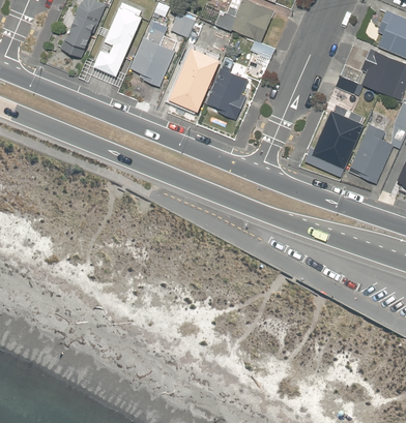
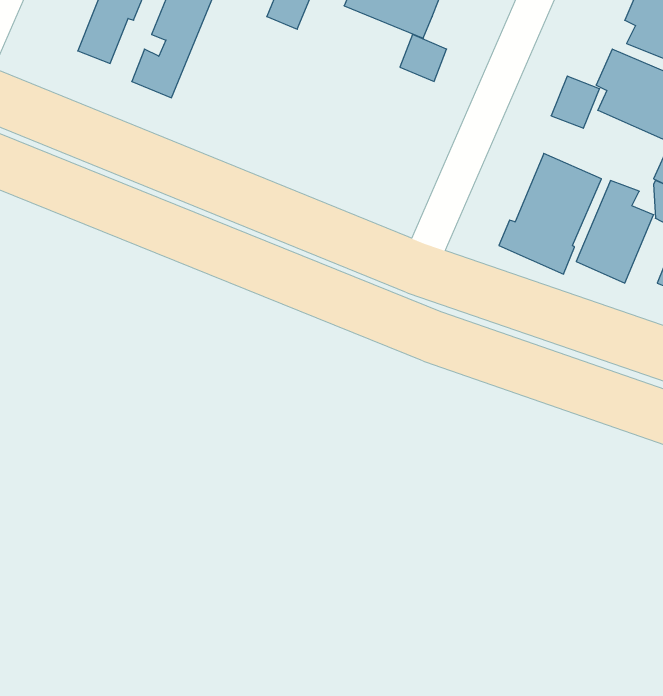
building: [130,26,175,86] -> none
building: [168,44,219,110] -> none
building: [206,67,247,119] -> none

